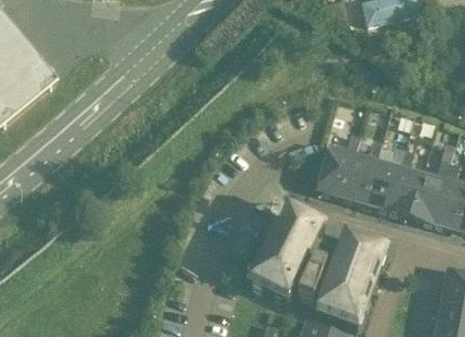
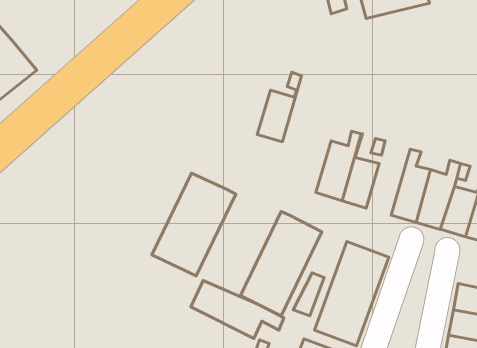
building: [363,147,404,210] -> [257,72,301,142]
building: none -> [152,173,236,276]
building: none -> [191,280,284,338]

